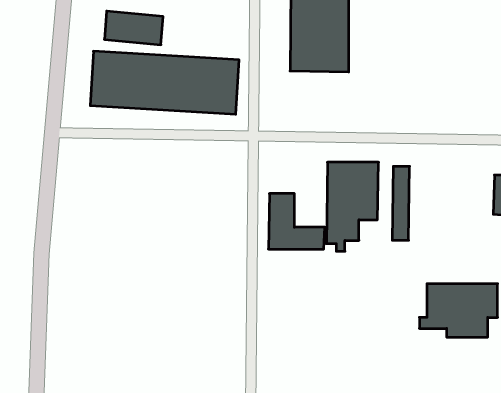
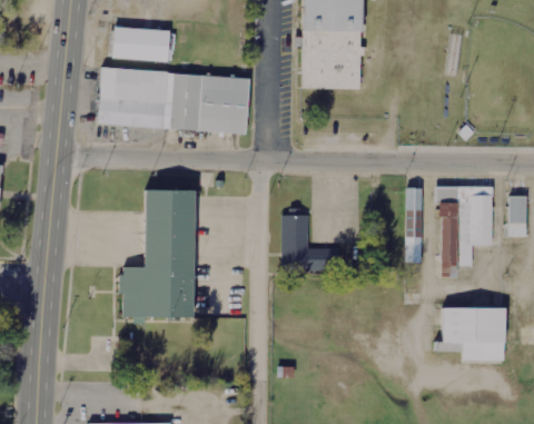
building: [326,162,379,251] -> [441,185,494,276]
building: none -> [119,188,195,316]

